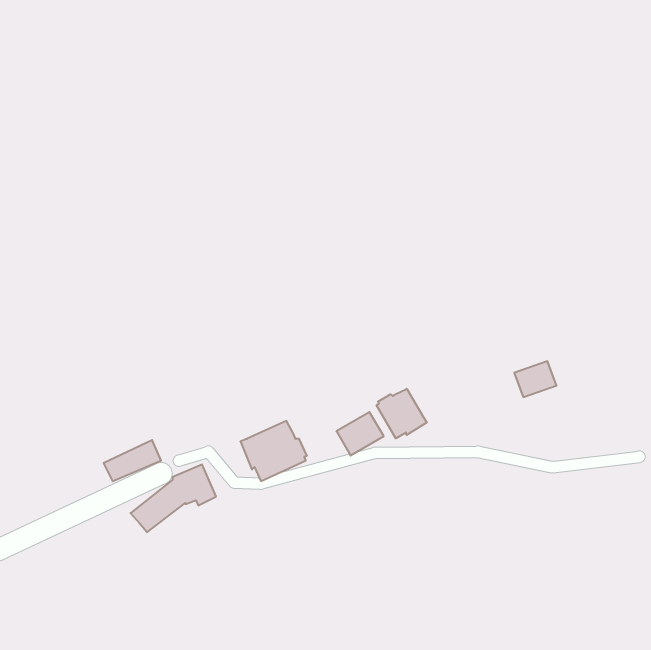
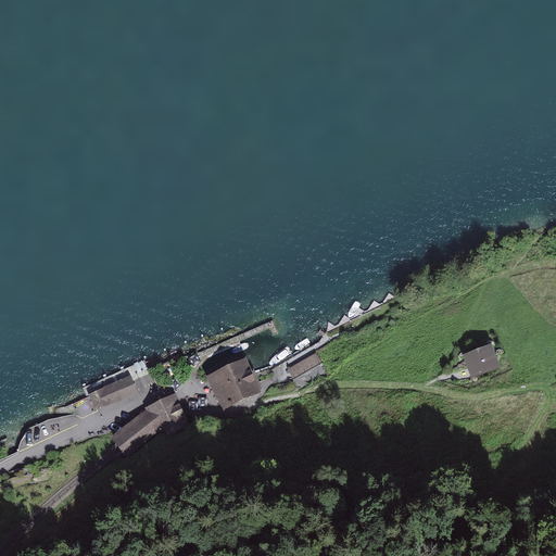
building: [514,361,557,397] -> [462,343,497,374]
building: [377,389,427,438] -> none

